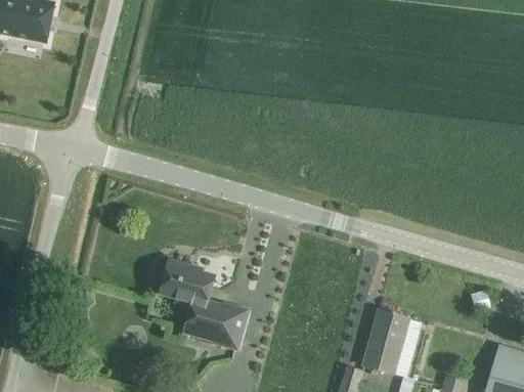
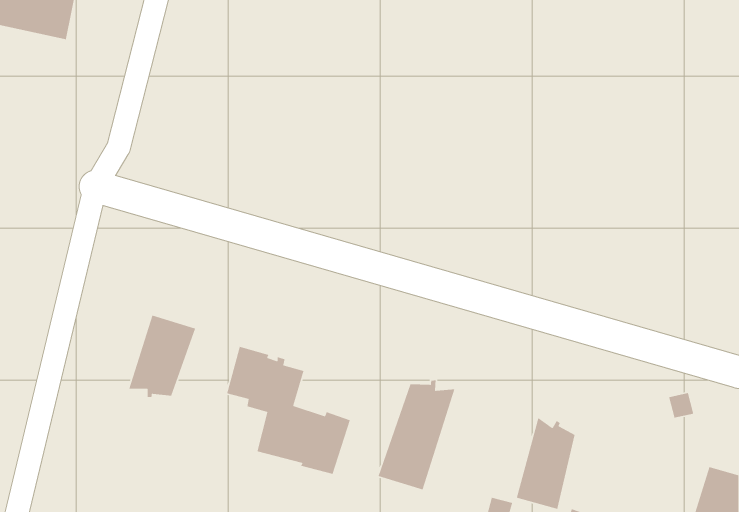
building: none -> [128,314,196,398]
building: none -> [377,380,455,491]

